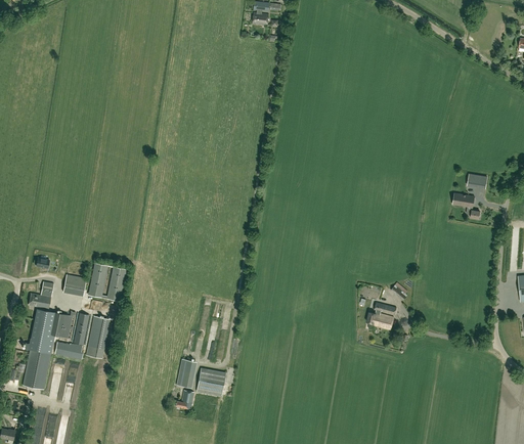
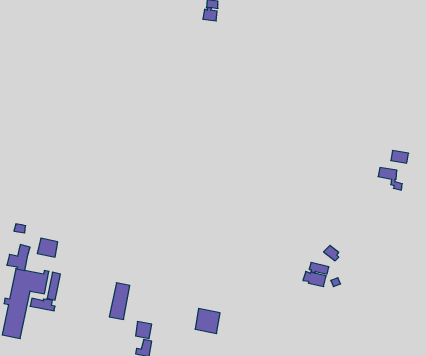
building: [88,263,126,301] -> none
building: [86,316,110,358] -> [109,283,130,319]
building: [196,367,225,396] -> [195,308,220,334]

